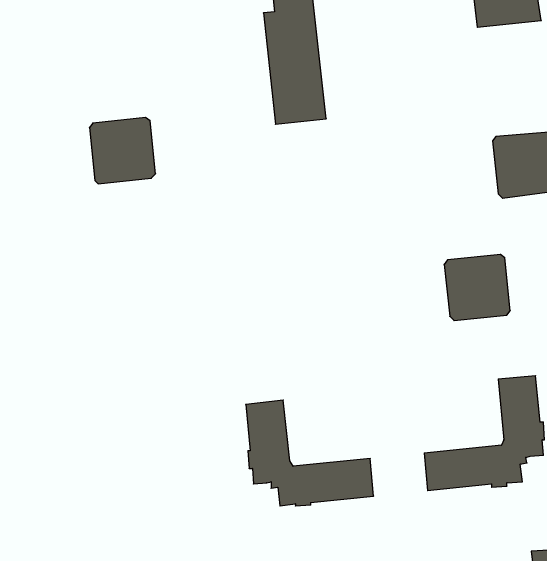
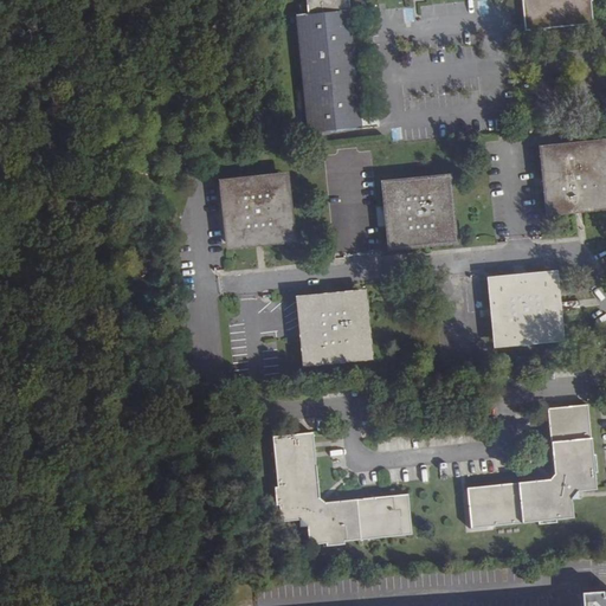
building: [89,118,156,184] -> [221,175,292,246]
building: none -> [382,176,453,247]
building: none -> [298,292,368,363]

